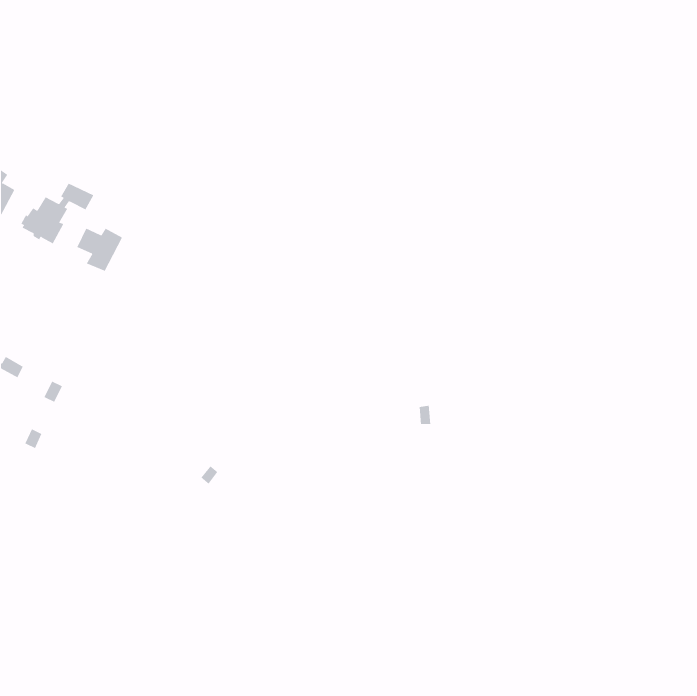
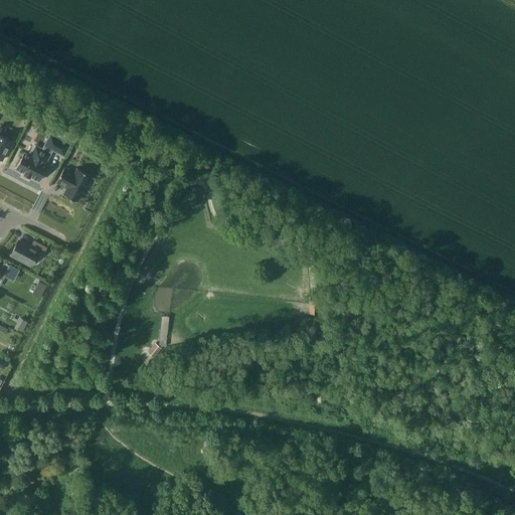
building: none -> [10,241,46,266]

